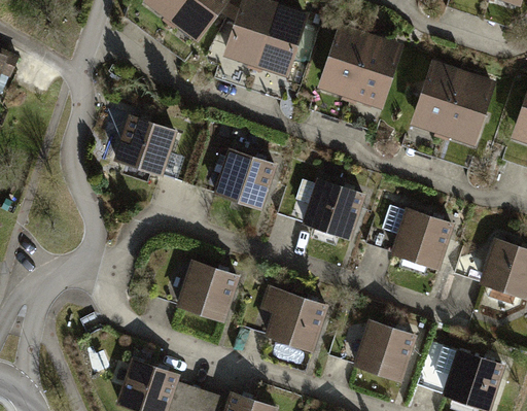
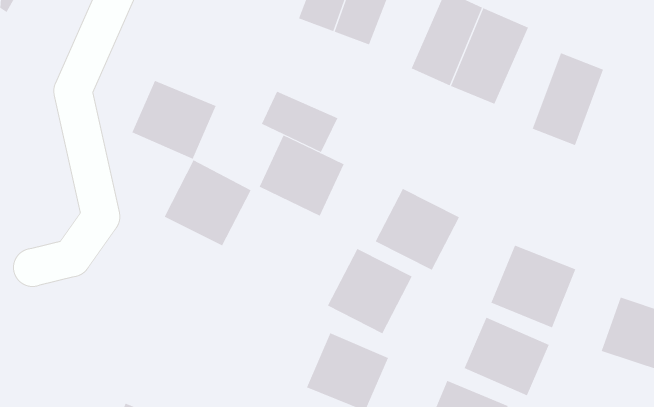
building: [446,73,495,141] -> none
building: none -> [261,91,338,153]
building: none -> [327,248,413,334]
building: [174,261,238,323] -> [164,159,251,246]
building: none -> [464,317,550,396]

